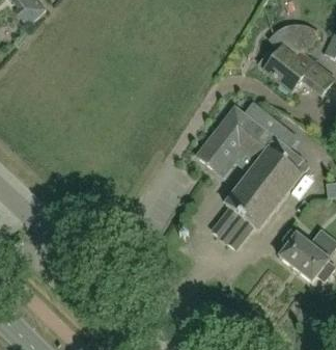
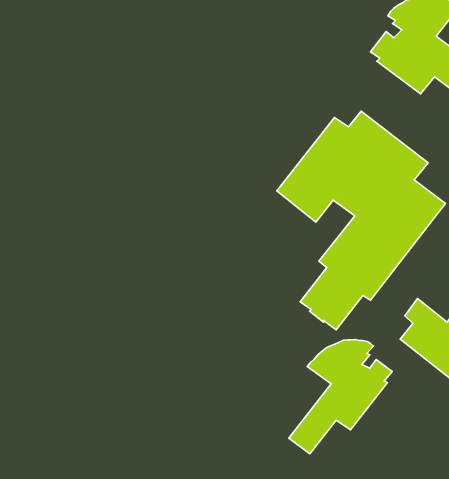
building: none -> [289,339,392,454]

